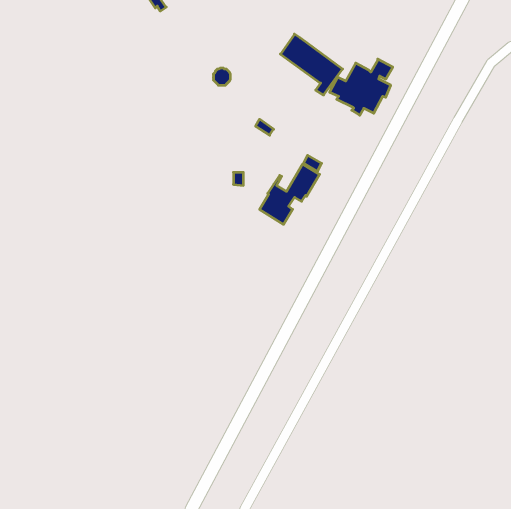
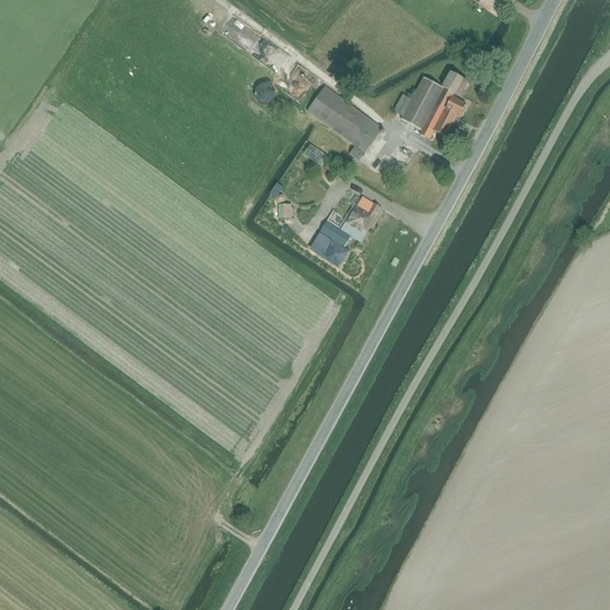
building: [280,34,343,95] -> [307,86,381,158]

